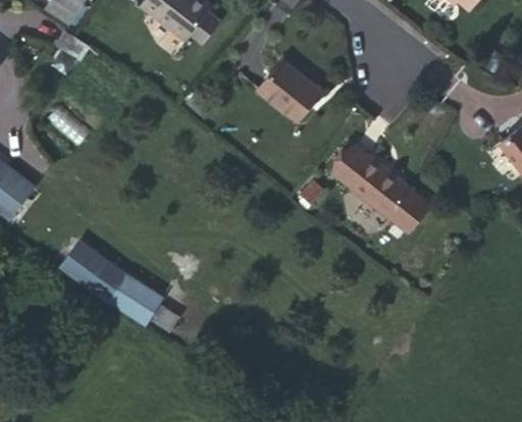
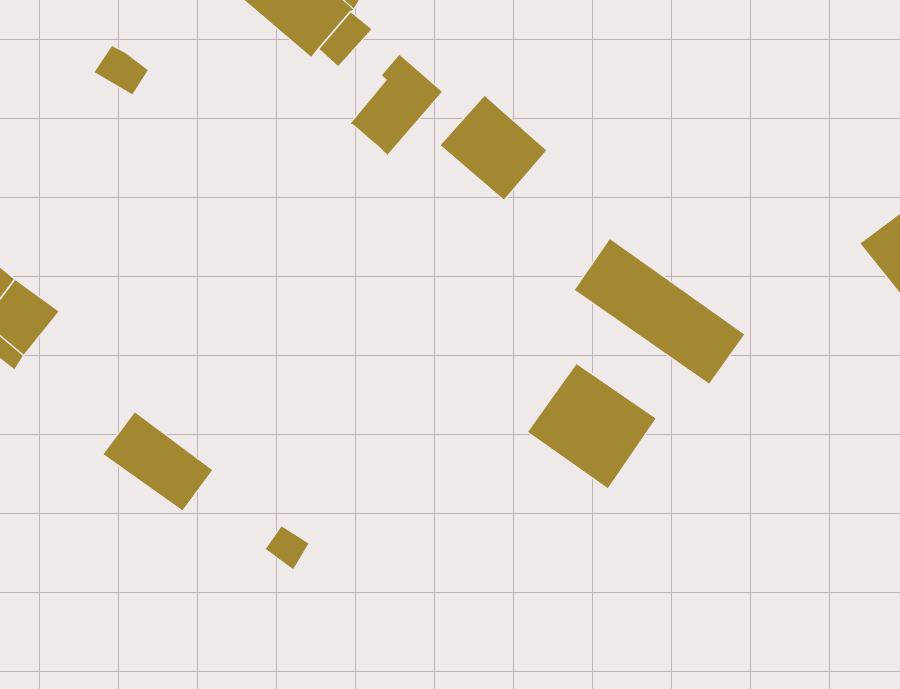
building: none -> [349,54,443,156]
building: none -> [527,363,657,489]
building: [109,276,164,325] -> none

